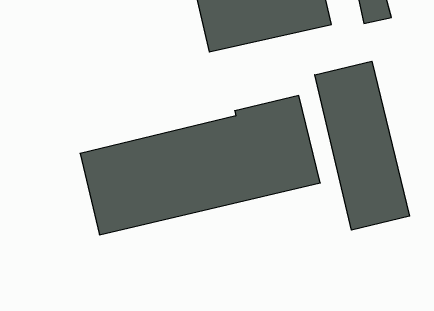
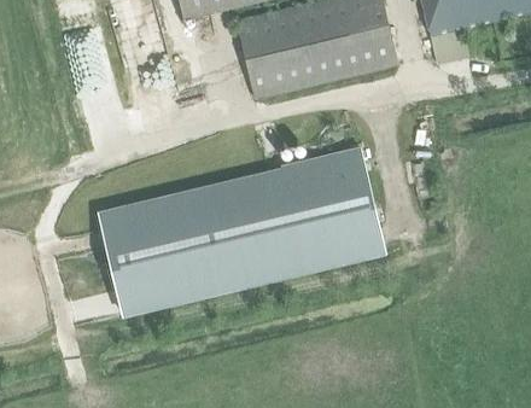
building: [315,61,410,230] -> none

